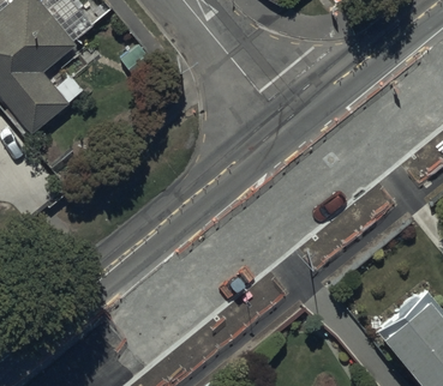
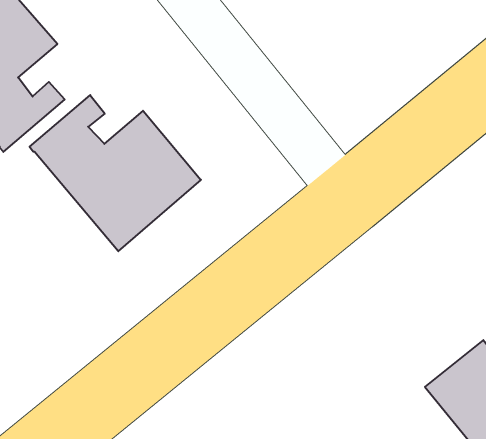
building: none -> [30,95,201,251]

